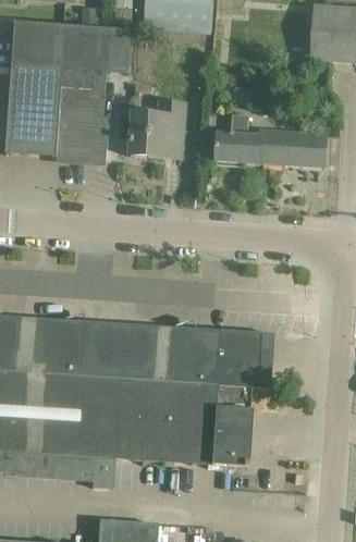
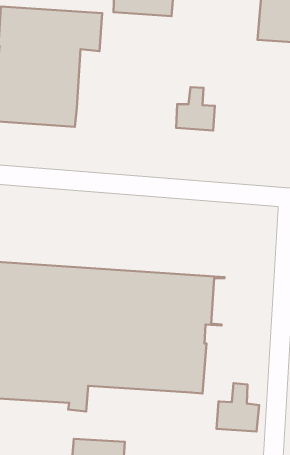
building: [131,100,185,157] -> none
building: [259,128,328,167] -> none
building: none -> [217,383,259,432]

